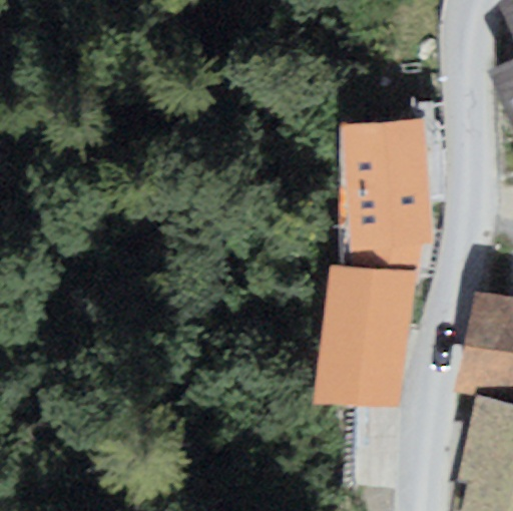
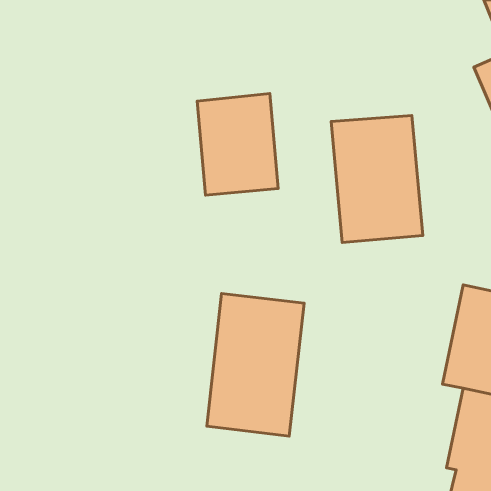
building: none -> [197,94,278,195]
building: [315,265,414,410] -> [207,293,304,436]

